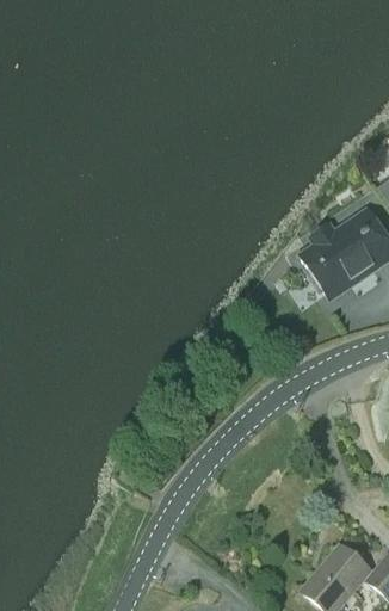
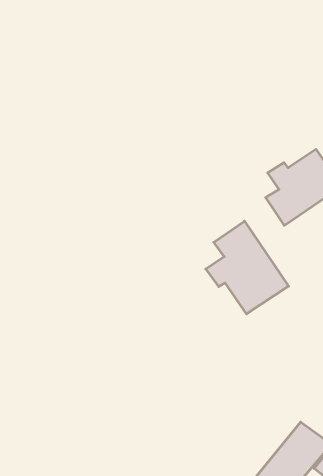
building: none -> [206,221,289,314]

